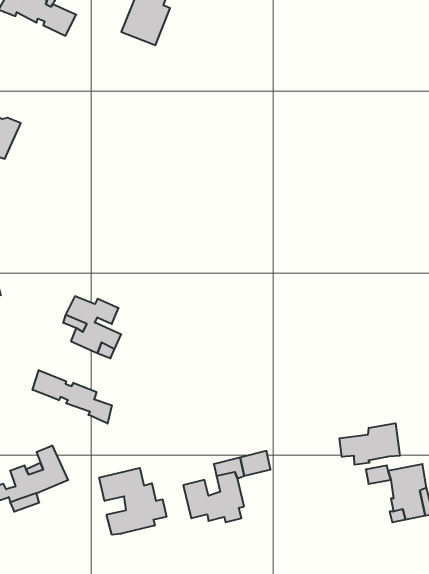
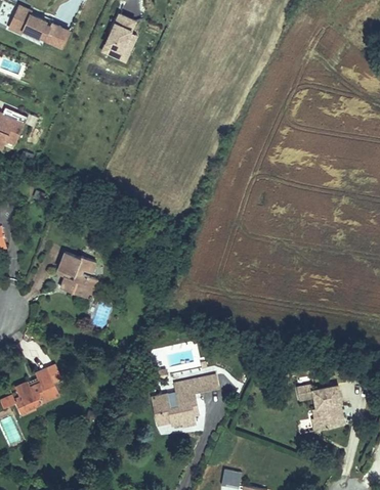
building: [33,370,112,424] -> none
building: [339,423,400,465] -> none
building: [99,468,166,535] -> none

